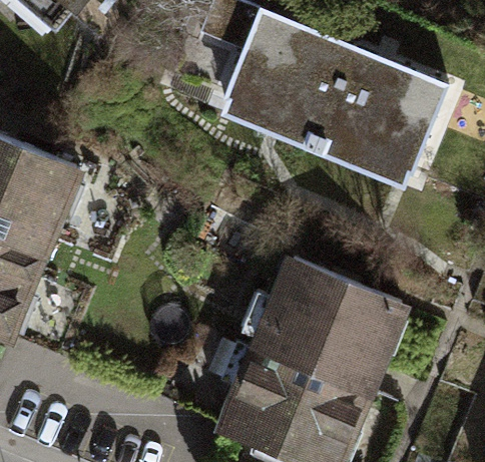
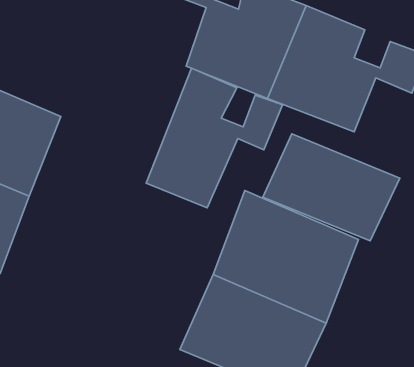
building: none -> [146,68,282,208]
building: none -> [263,134,400,241]

